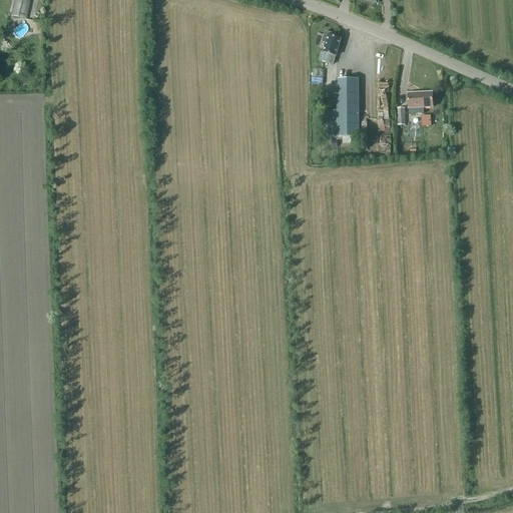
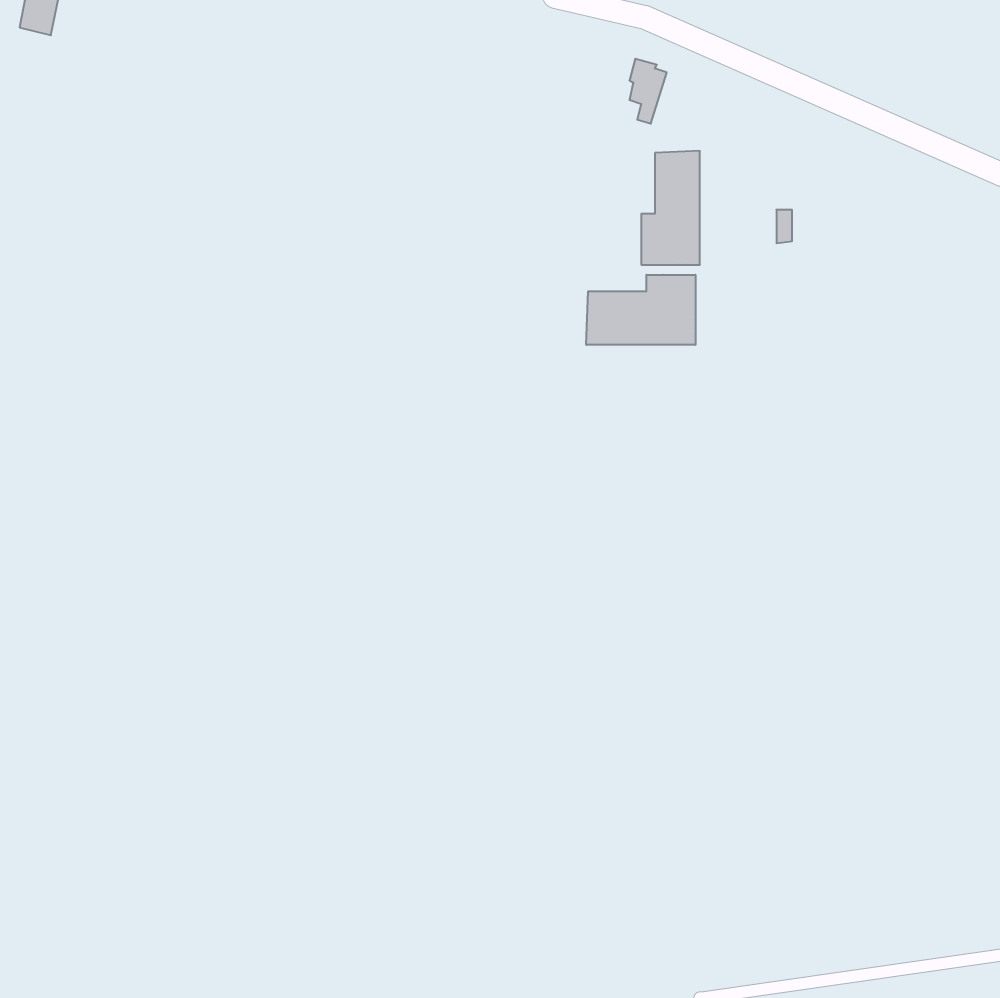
building: [408,90,434,107] -> none
building: none -> [586,275,695,345]

